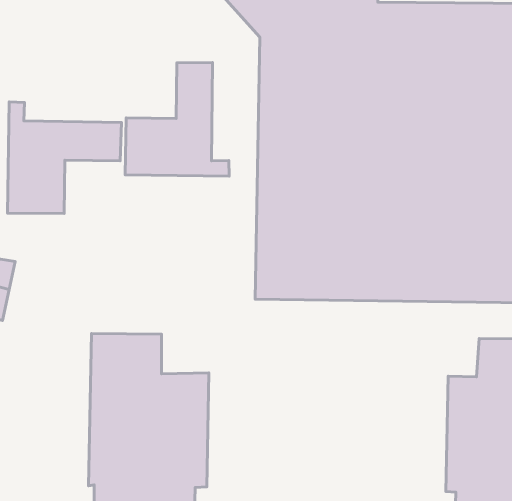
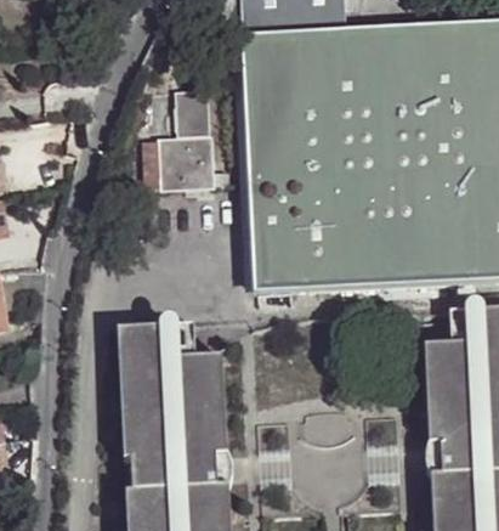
building: [8,102,121,214] -> none

